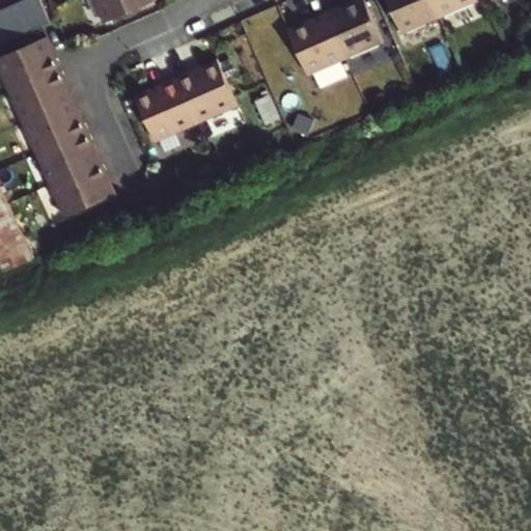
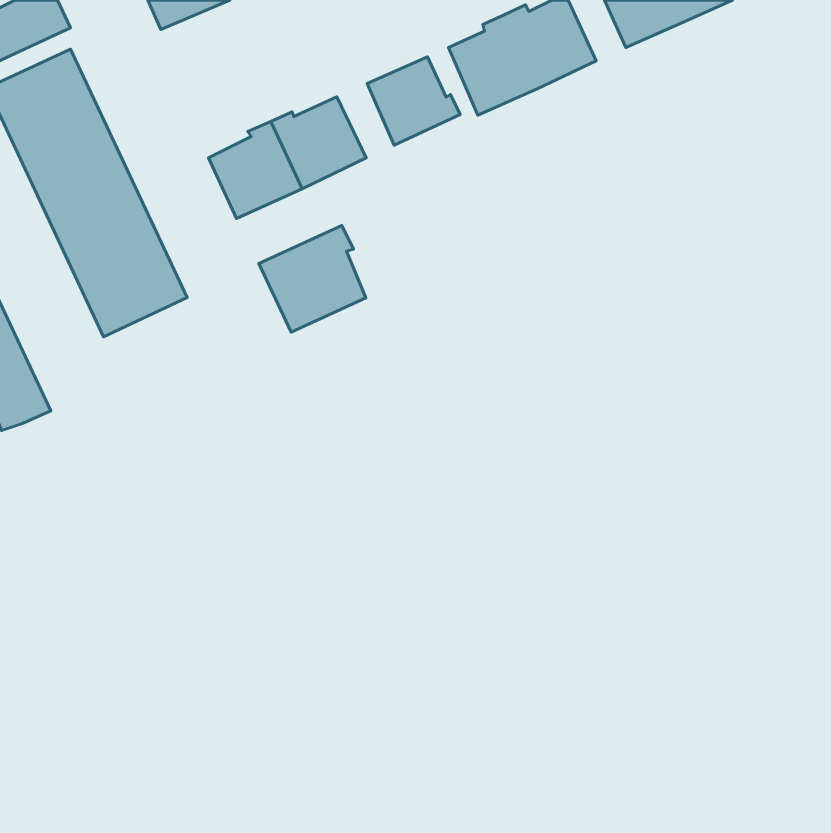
building: none -> [367,57,460,145]
building: none -> [259,225,366,332]

